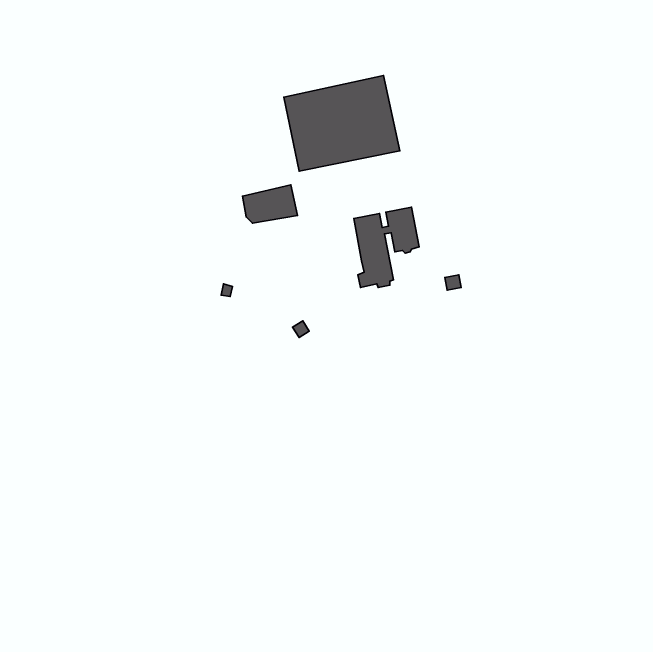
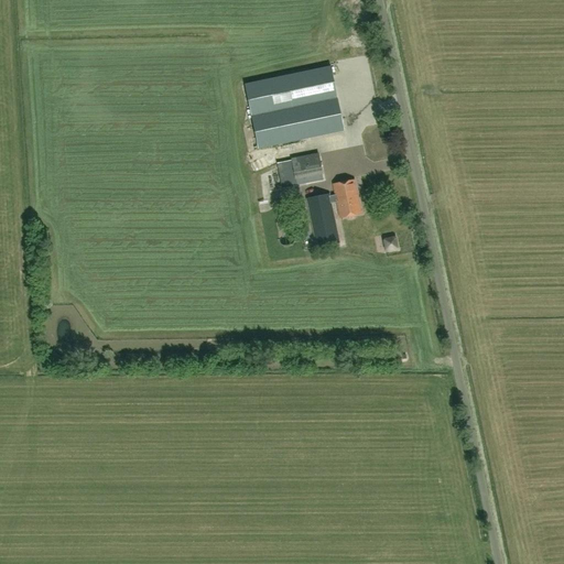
building: [242,185,297,223] -> [276,153,324,186]

